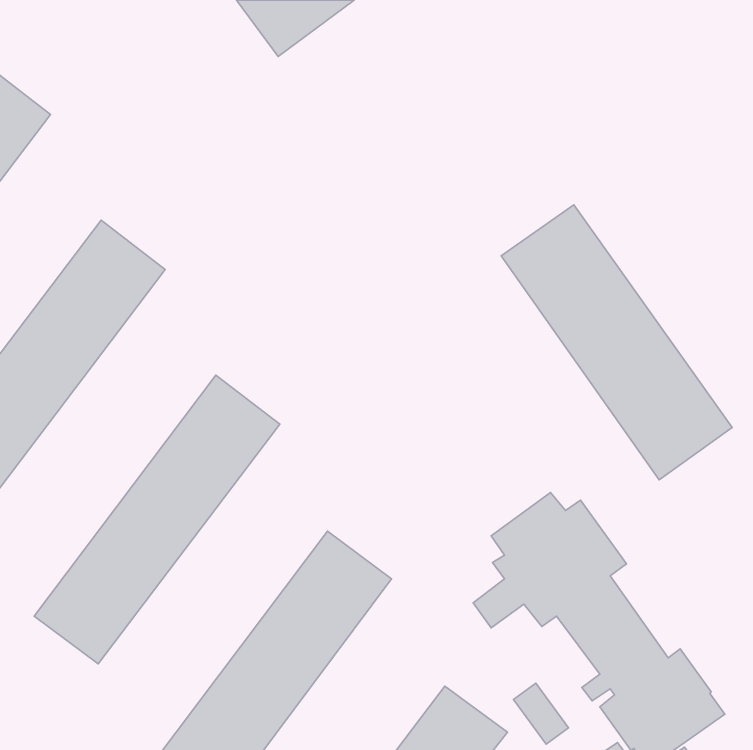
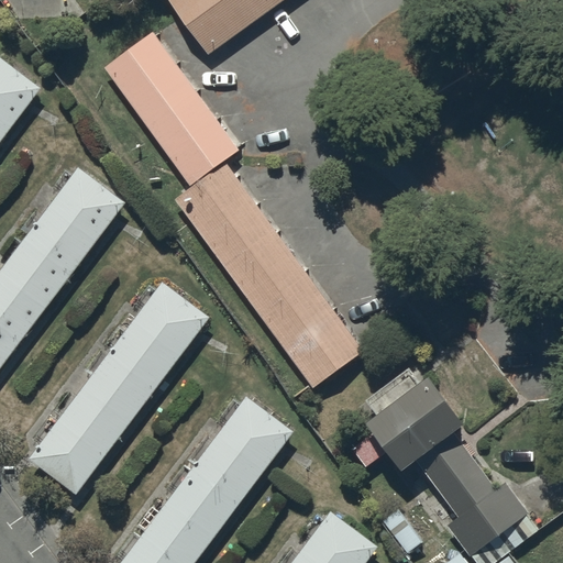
building: none -> [98,23,224,167]
building: none -> [174,153,357,376]
building: [501,205,732,480] -> none

